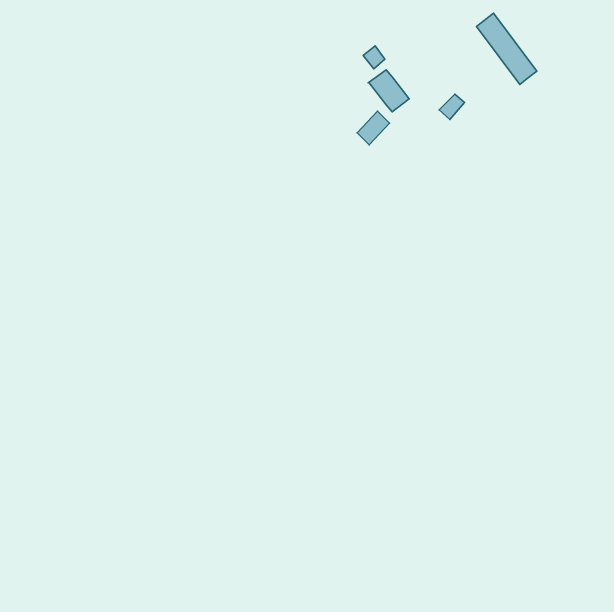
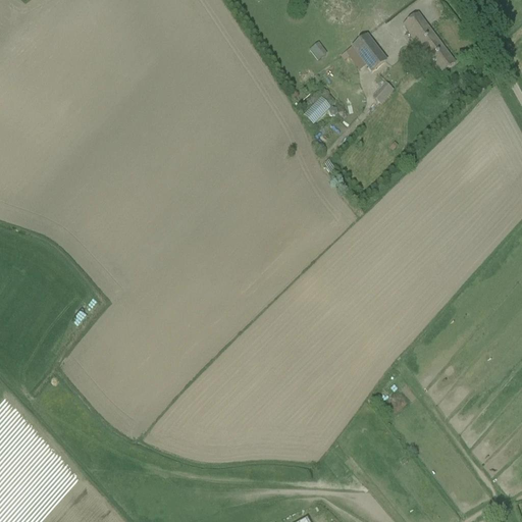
building: [368,70,409,112] -> [353,34,387,69]

